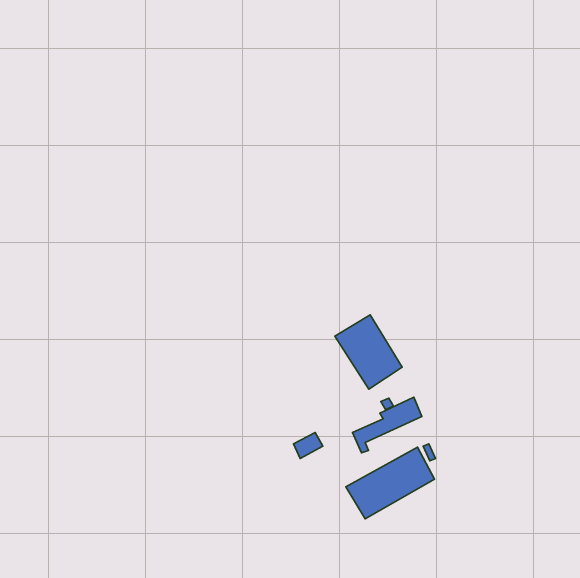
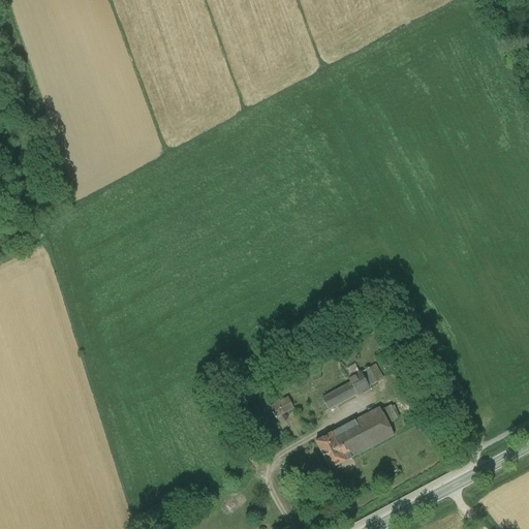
building: [335,315,402,389] -> none

